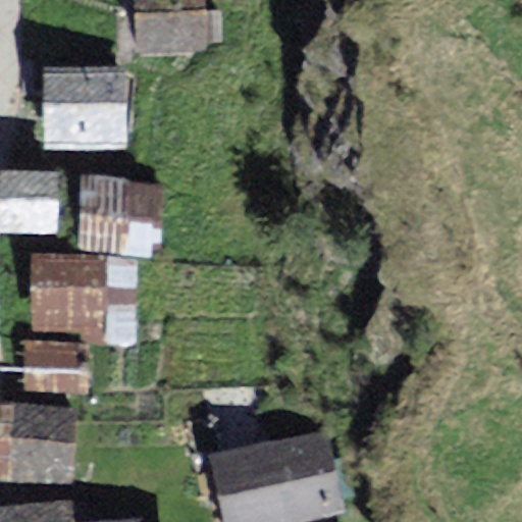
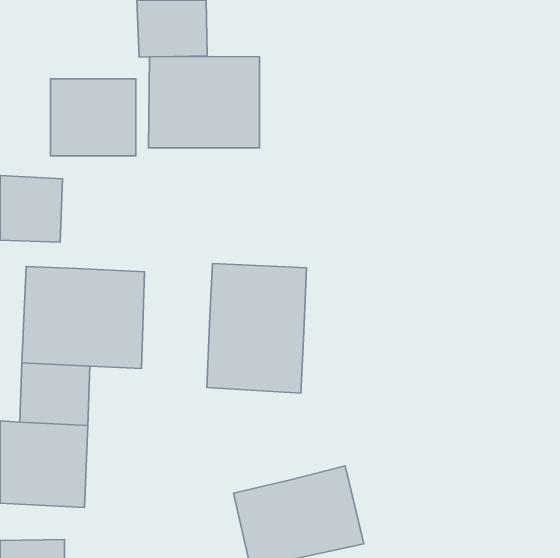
building: none -> [148,57,259,148]
building: [71,181,158,256] -> none
building: none -> [207,264,307,393]

